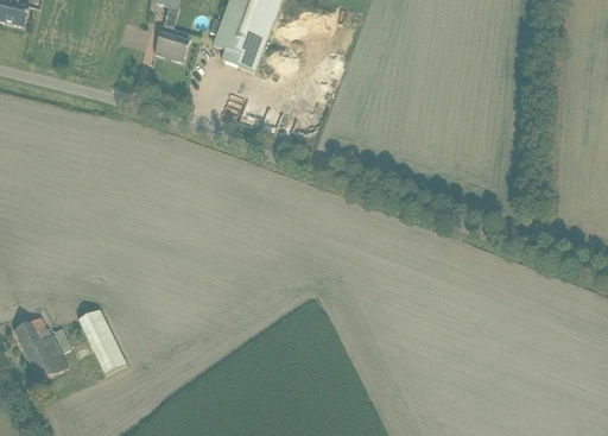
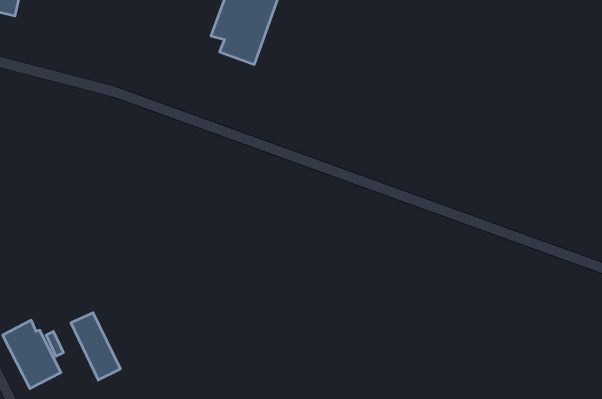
building: [154,27,189,59] -> none

